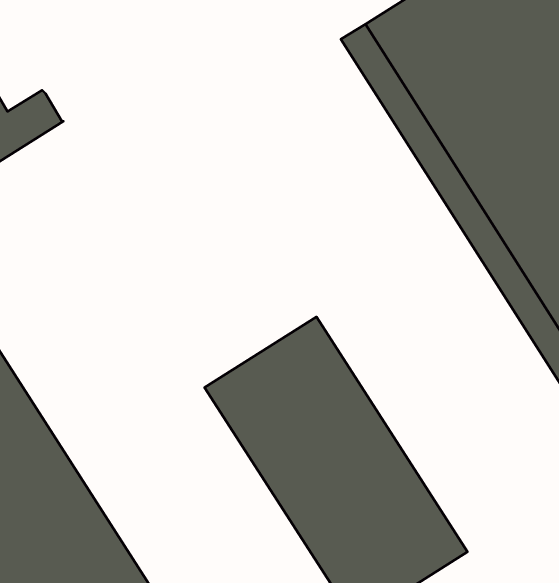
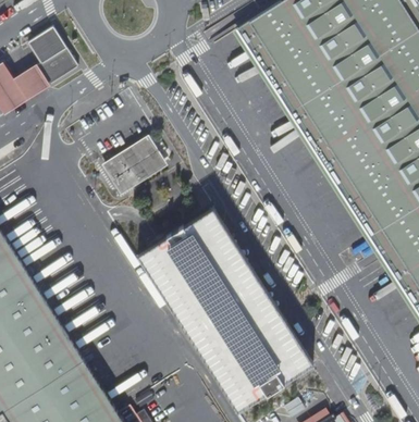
building: none -> [26,26,77,85]
building: none -> [100,136,164,194]

